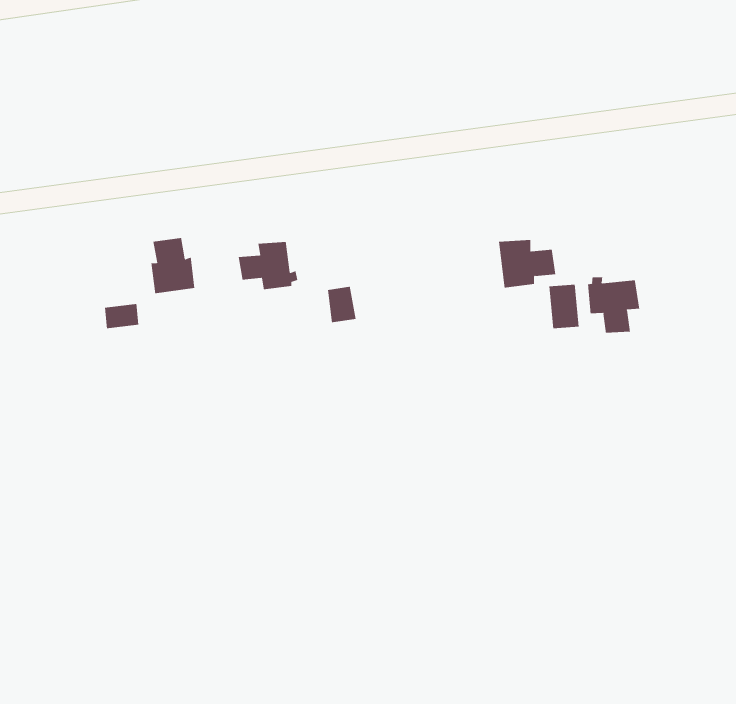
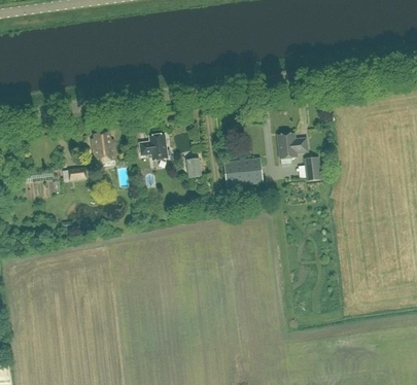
building: [588,276,640,334] -> none
building: none -> [222,157,263,186]

